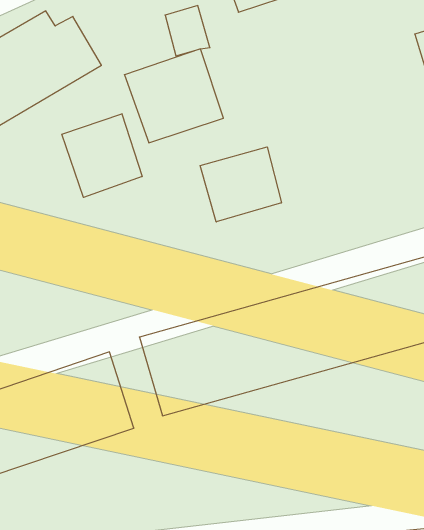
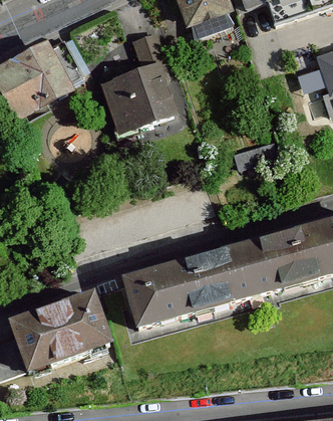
building: [62,114,142,197] -> none
building: [200,147,281,222] -> none

